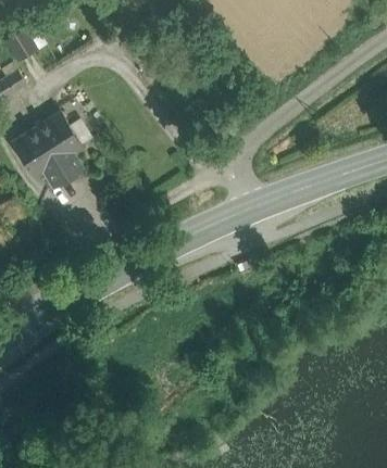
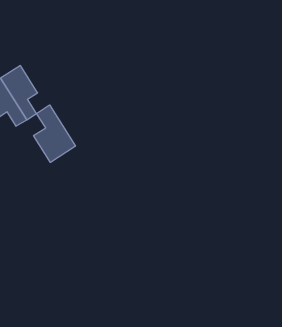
building: none -> [34,105,75,162]

